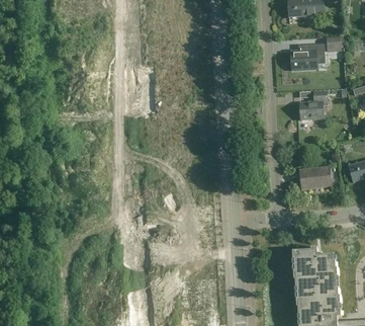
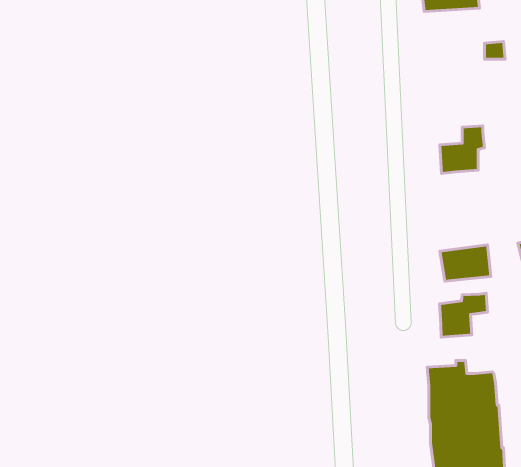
building: [291,44,325,70] -> none
building: none -> [439,293,487,337]

